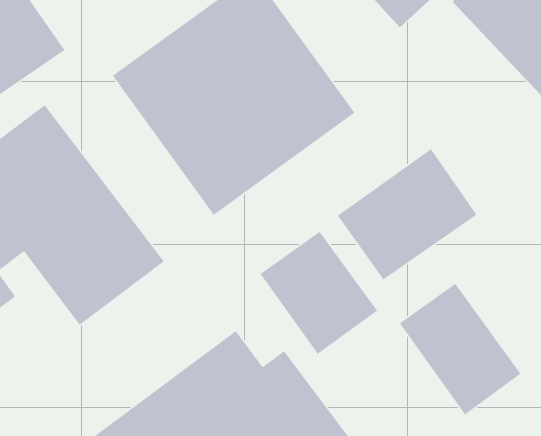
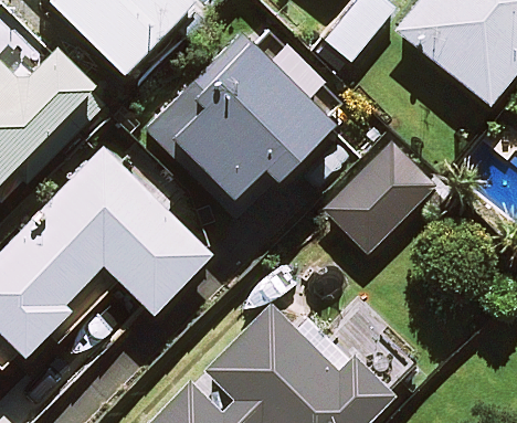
building: [259,231,378,355] -> none
building: [399,283,522,416] -> none

